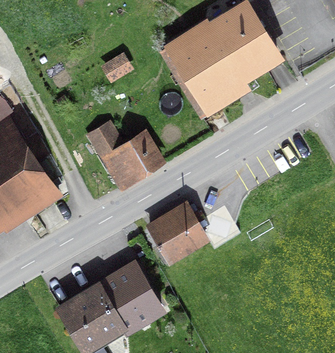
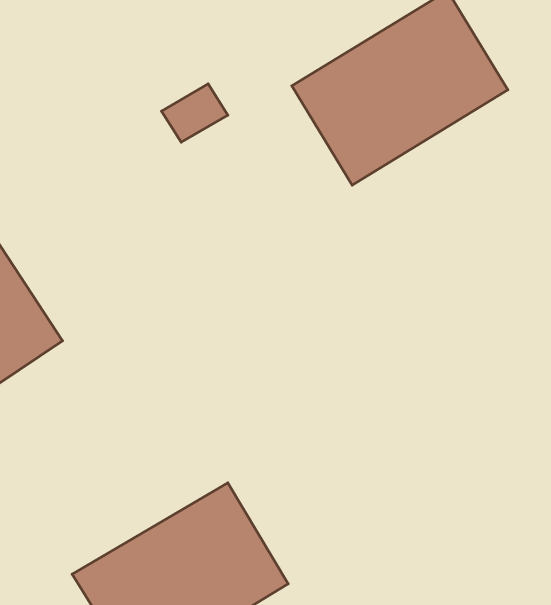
building: [92,130,158,187] -> none
building: [149,208,206,260] -> none

